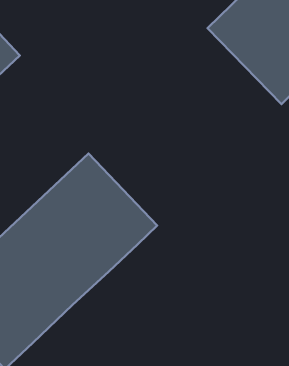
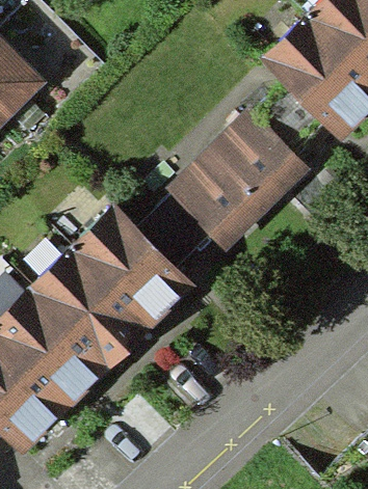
building: none -> [167,107,316,254]

